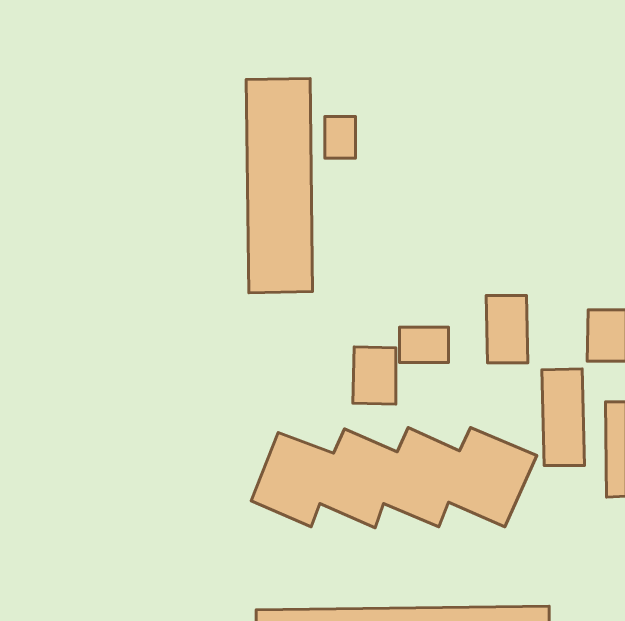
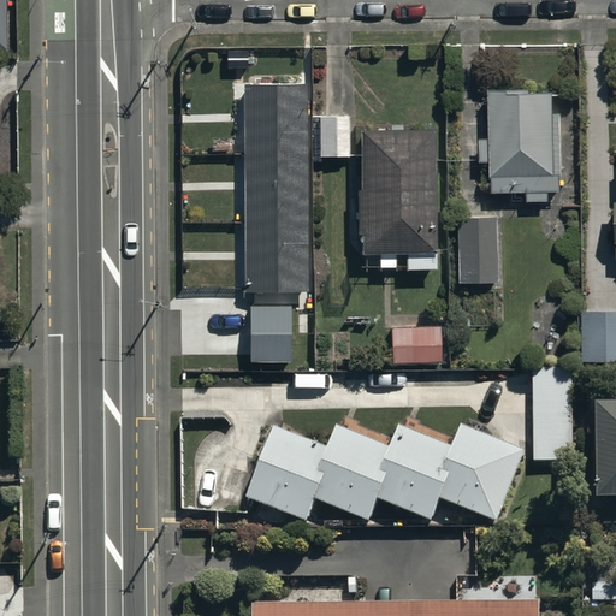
building: none -> [480,87,563,201]
building: none -> [360,126,436,266]
building: [486,295,528,363] -> [457,217,498,283]
building: [353,347,396,404] -> [249,303,291,360]

